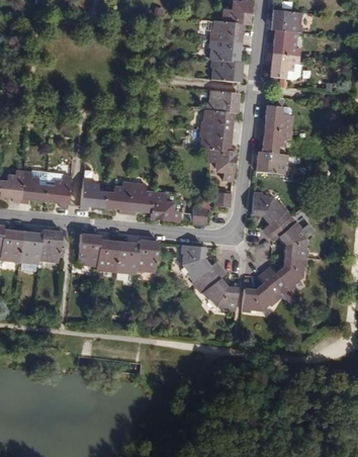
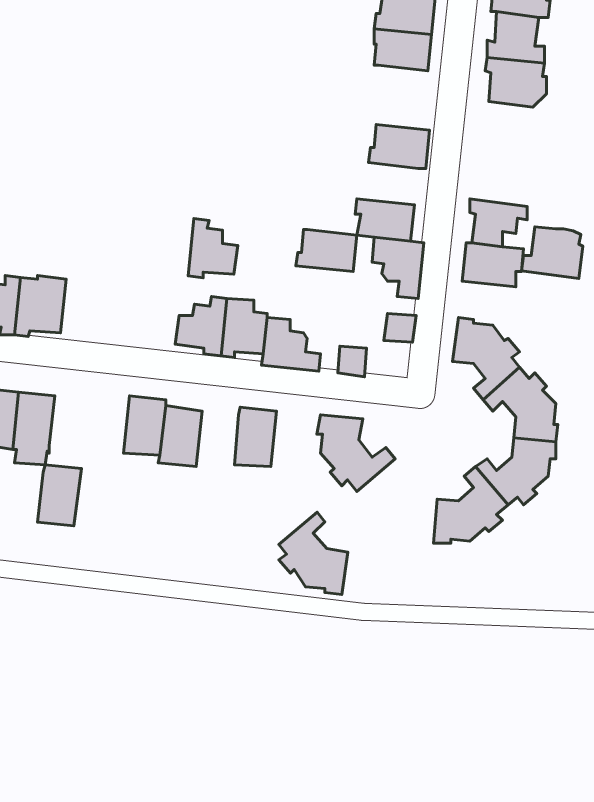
building: [211,59,243,83] -> none
building: [261,106,293,133] -> [522,227,583,278]
building: [201,110,234,132] -> [296,230,357,272]
building: [44,172,71,206] -> none
building: [81,177,107,208] -> [188,219,238,278]
building: [38,230,62,262] -> [38,465,82,526]
building: [116,242,139,273] -> none
building: [201,267,238,310] -> [279,512,348,594]

